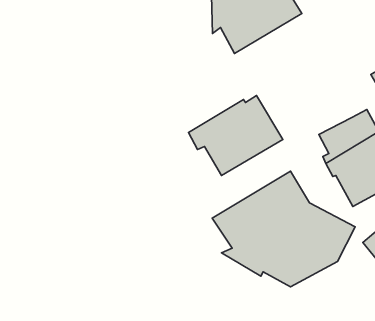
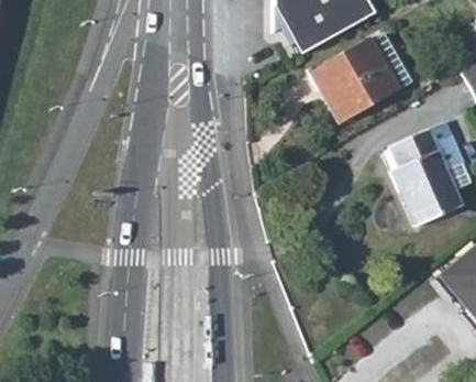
building: [189,96,283,176] -> [309,39,412,127]
building: [212,171,355,287] -> none

